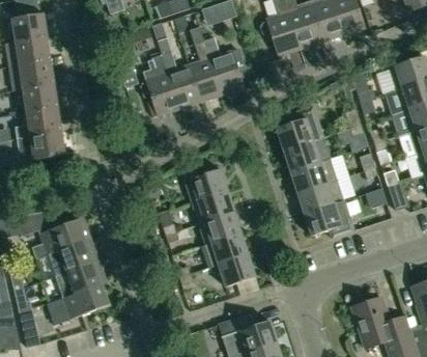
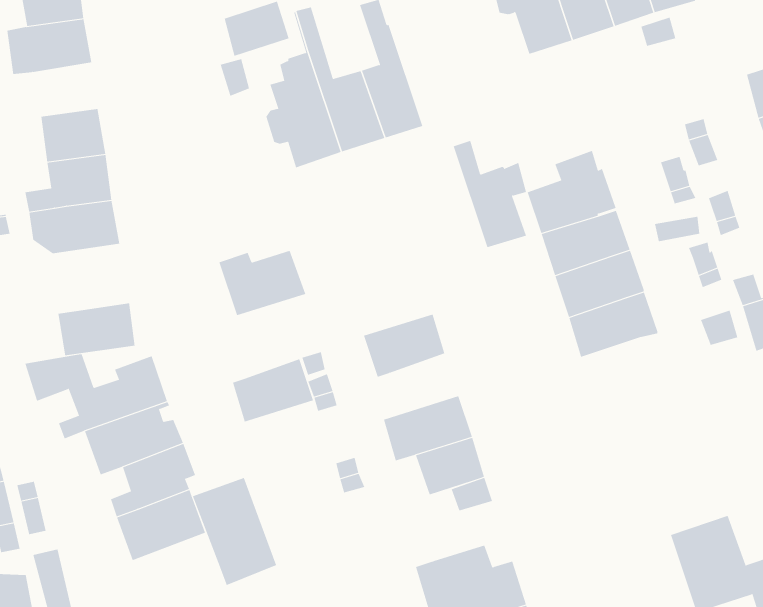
building: [204,36,243,92] -> [453,140,527,248]
building: [8,59,53,89] -> none
building: [181,167,227,201] -> [218,250,306,316]
building: none -> [58,303,135,356]
building: [304,200,350,234] -> none
building: [198,211,240,245] -> [232,358,314,424]
building: none -> [192,477,277,586]

